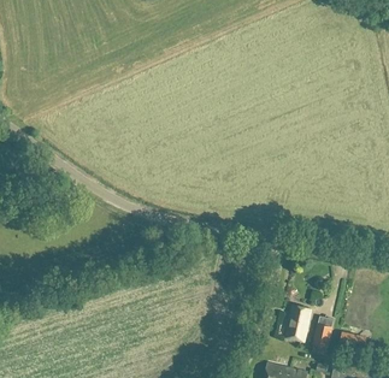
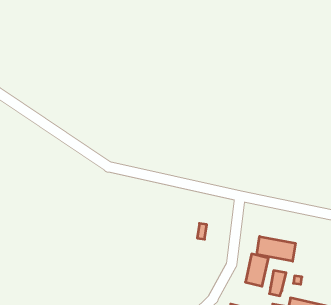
building: none -> [257,236,295,261]

